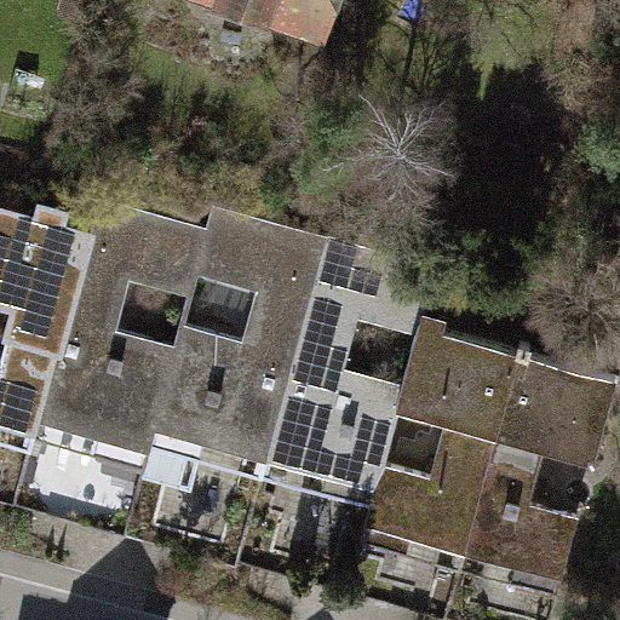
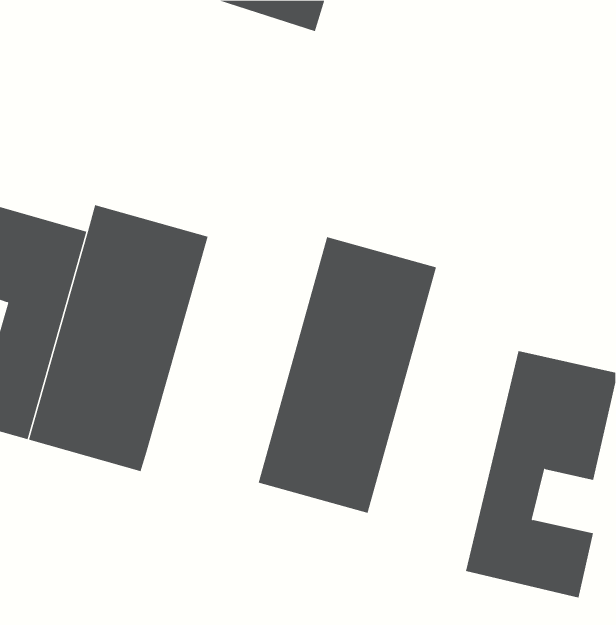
building: [145,205,322,478] -> none
building: [351,322,511,566] -> none

